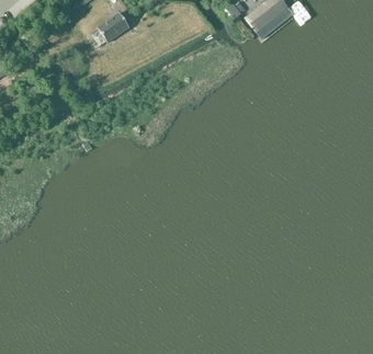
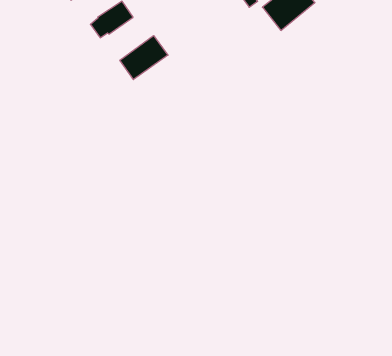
building: none -> [120,36,168,80]

